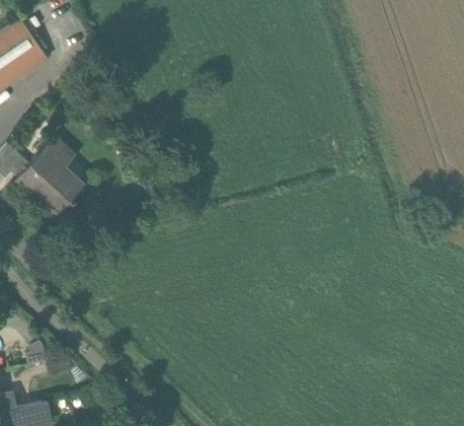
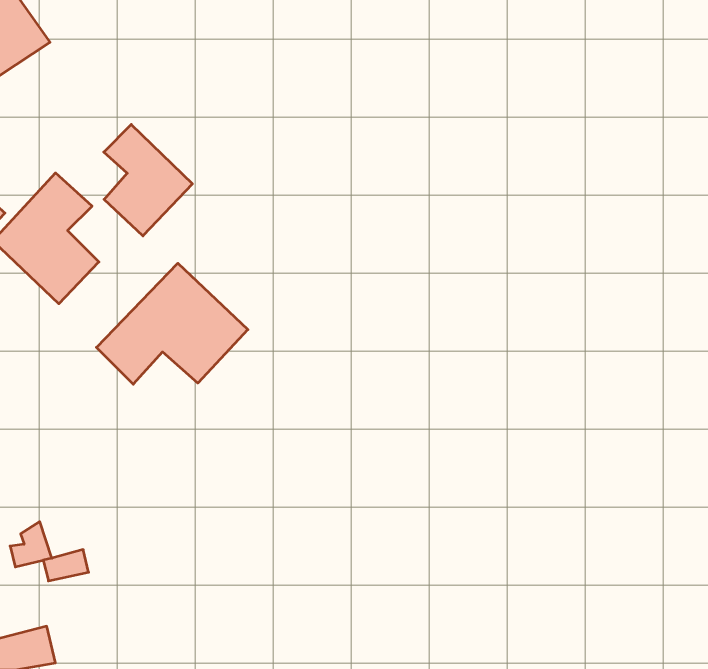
building: none -> [104,124,192,236]
building: none -> [96,263,248,384]

